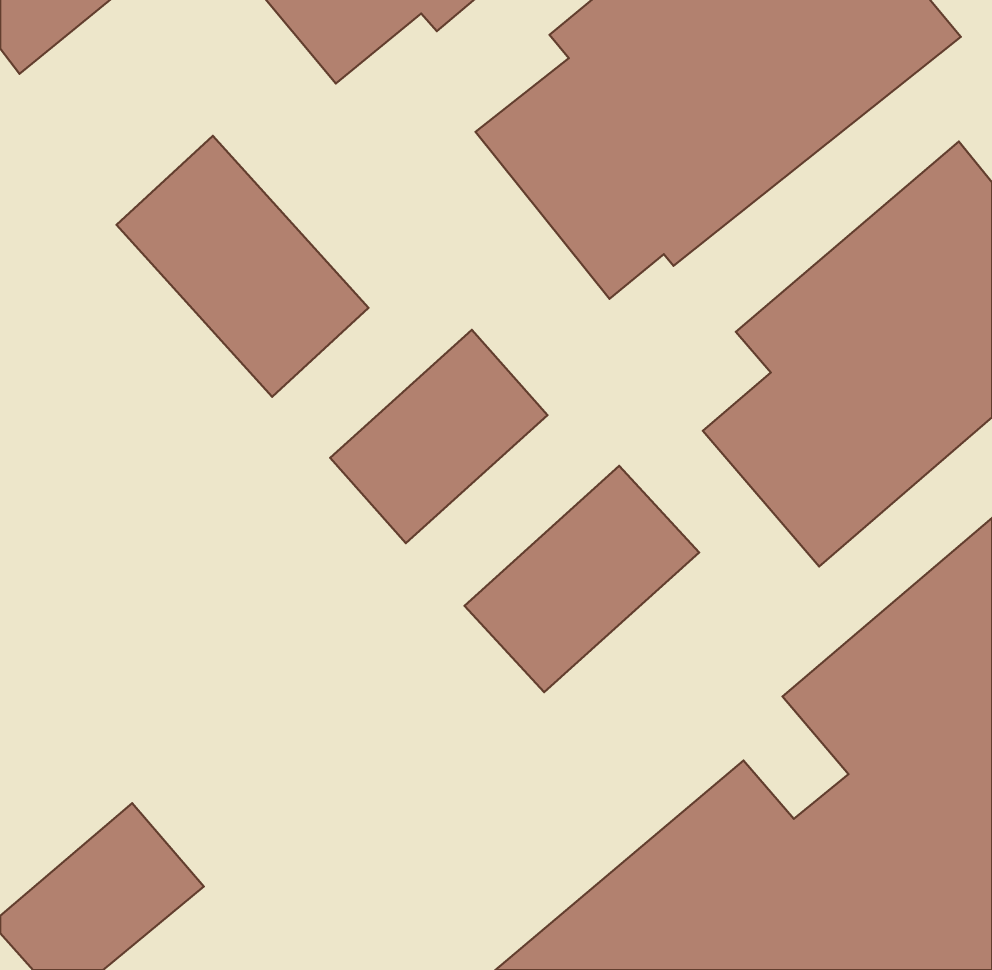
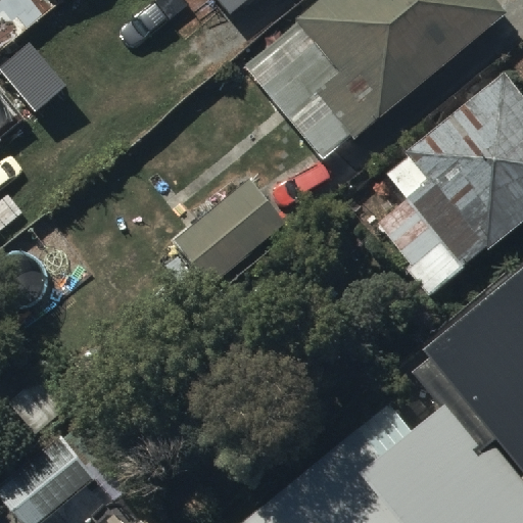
building: [117,136,368,397] -> none
building: [464,466,699,692] -> none

